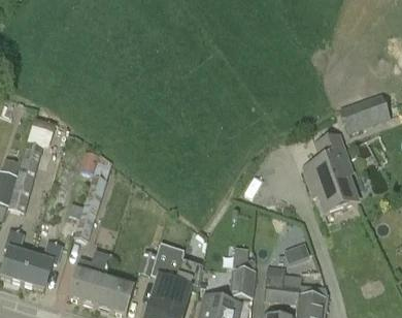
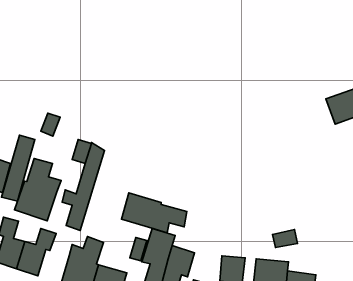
building: [302,131,358,212] -> none
building: none -> [15,159,61,221]
building: none -> [122,193,187,233]

